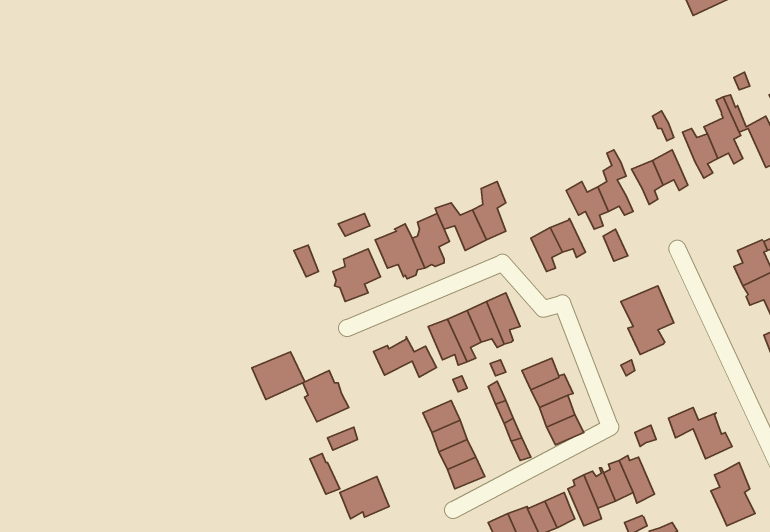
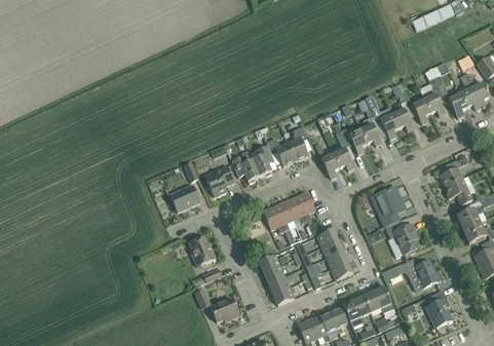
building: [374,337,436,377] -> none
building: none -> [385,221,419,255]
building: [252,352,305,400] -> [169,185,200,213]

